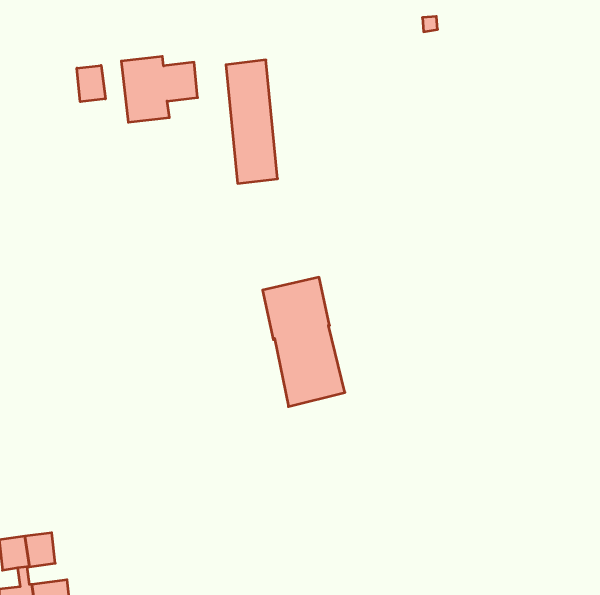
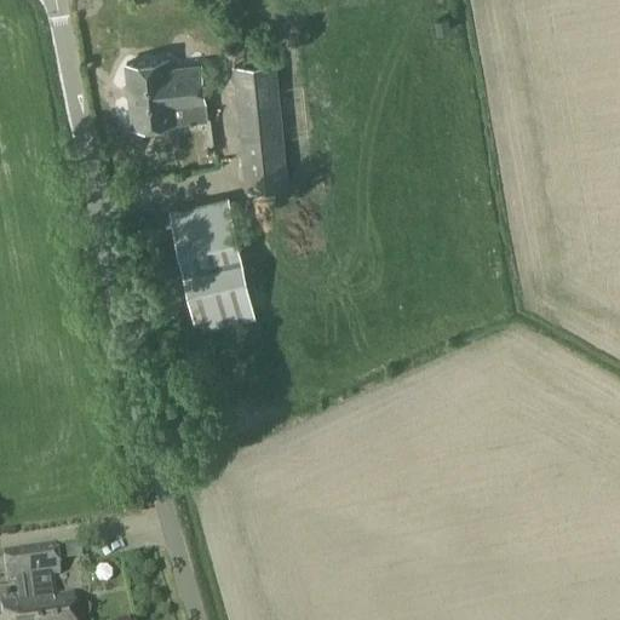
building: [77,65,105,102] -> none
building: [263,277,345,407] -> [170,202,254,335]

